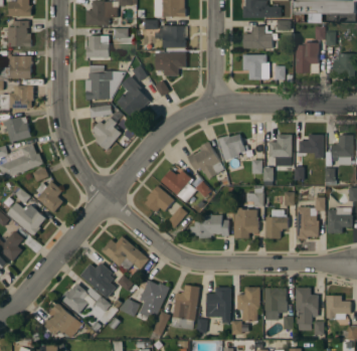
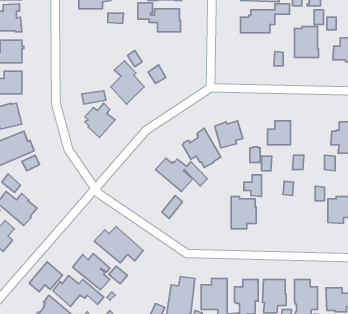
building: [85,35,109,57] -> none
building: [155,52,185,75] -> none
building: [242,54,267,79] -> none
building: [84,65,124,100] -> none
building: [298,135,323,159] -> none
building: [35,181,62,212] -> none
building: [143,185,174,211] -> none
building: [296,207,318,239] -> none
building: [264,209,288,238] -> none
building: [189,214,228,238] -> none
building: none -> [29,262,63,292]
building: [124,280,169,317] -> none

